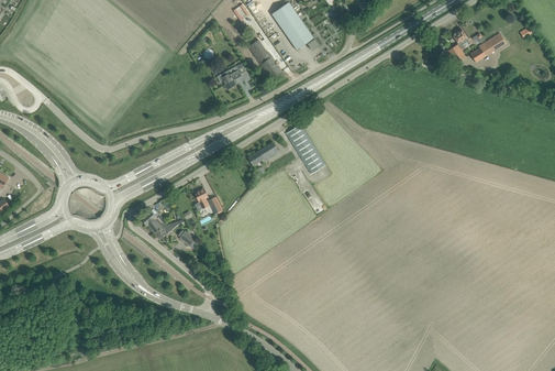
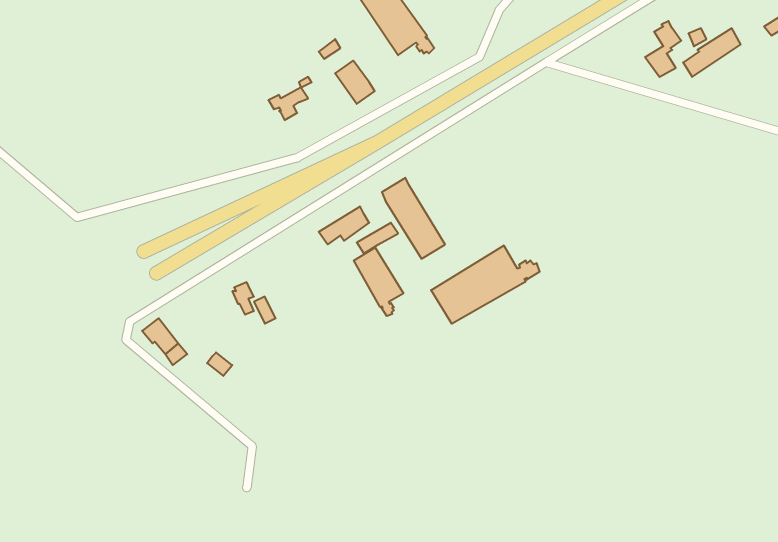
building: none -> [431,245,540,324]
building: none -> [354,247,403,316]

